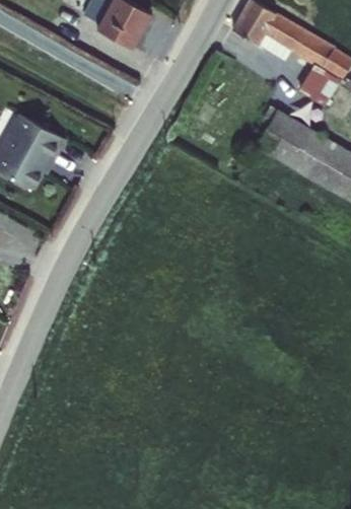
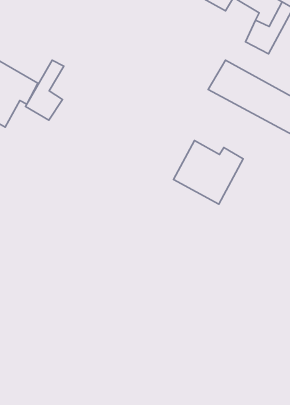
building: none -> [26,60,64,120]
building: none -> [174,140,243,204]

